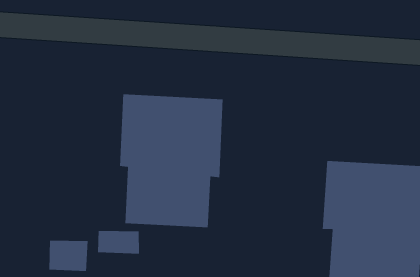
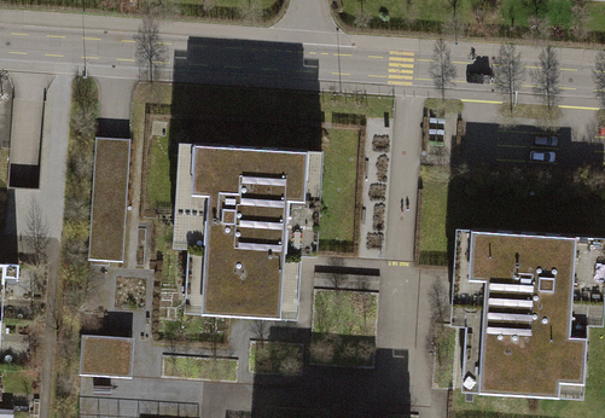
building: none -> [91,139,127,263]
building: [97,230,140,254] -> none

